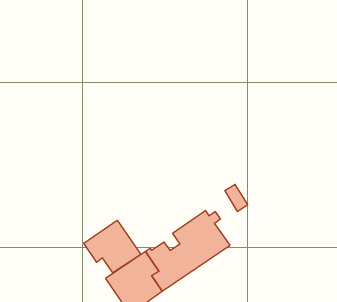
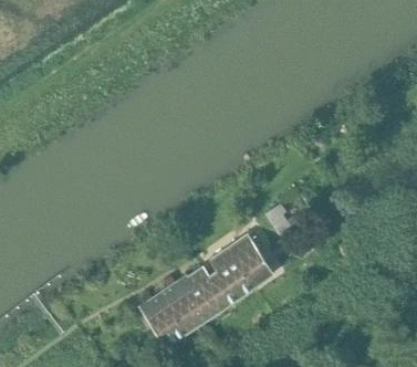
building: [84,220,141,273] -> none

